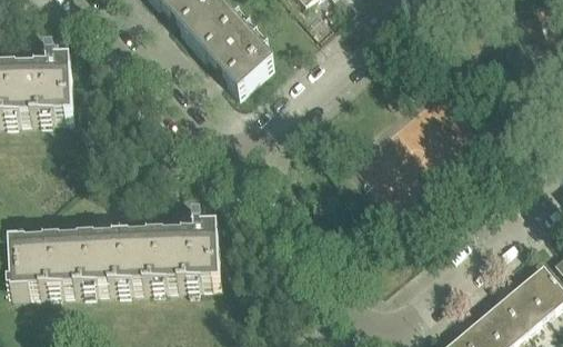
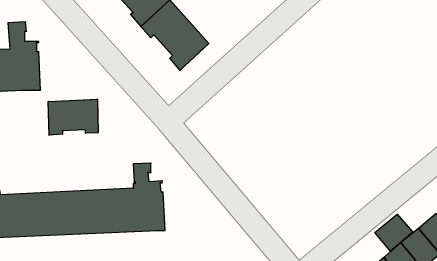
building: none -> [48,99,98,135]
building: none -> [375,214,413,251]

